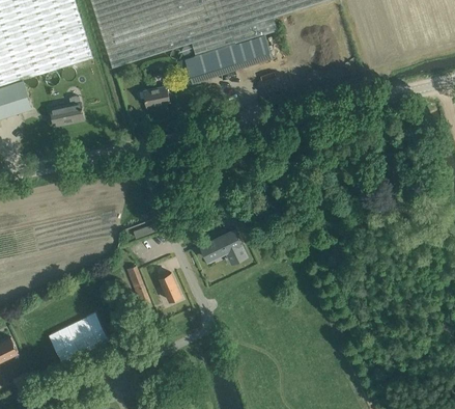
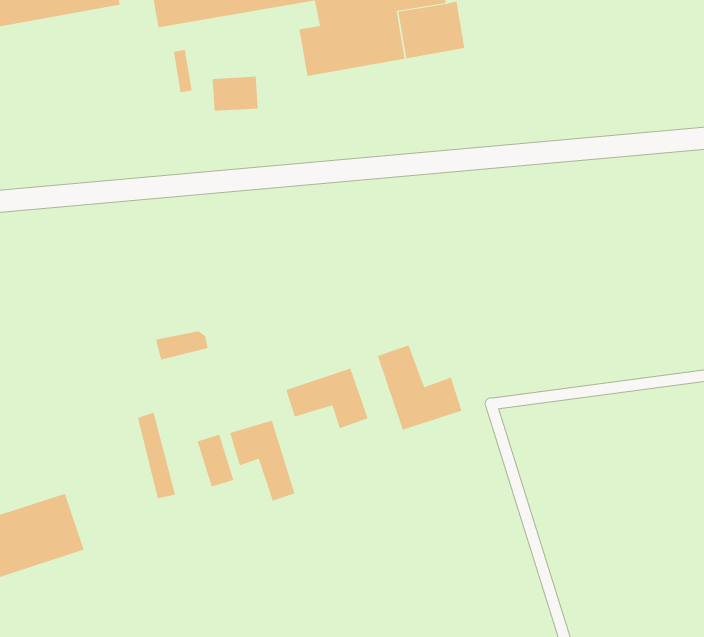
building: [50,94,83,126] -> none
building: none -> [377,344,462,430]
building: none -> [229,420,295,501]

